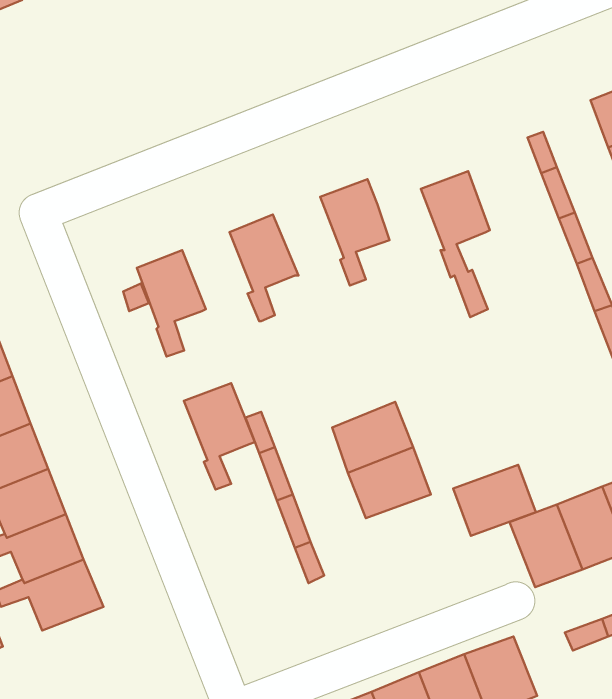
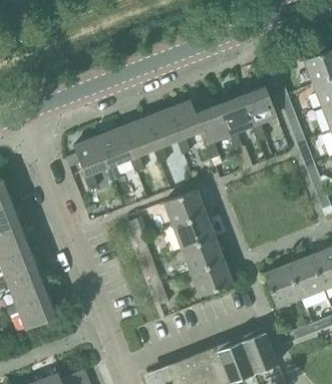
building: none -> [242,86,277,140]
building: none -> [196,104,230,157]
building: none -> [142,108,179,162]
building: none -> [163,189,205,226]
building: [184,383,255,490] -> [96,126,132,180]
building: [453,465,536,536] -> [190,260,232,296]

